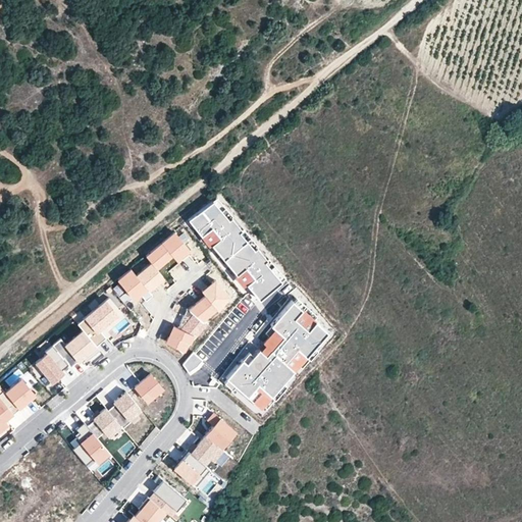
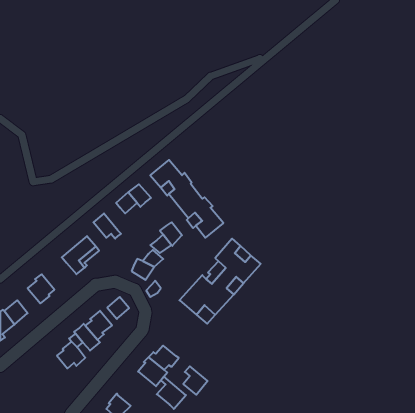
building: [136,263,164,292] -> none
building: [66,332,97,363] -> none
building: [205,414,236,450] -> [183,366,208,395]
building: [148,476,185,517] -> [157,376,186,409]

